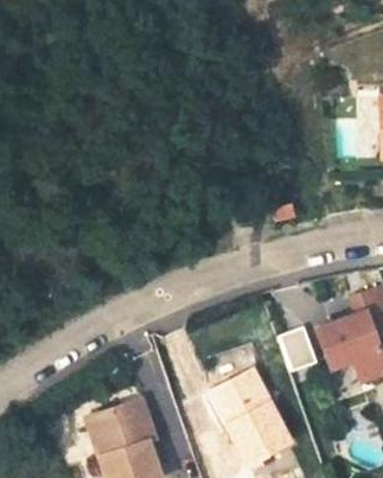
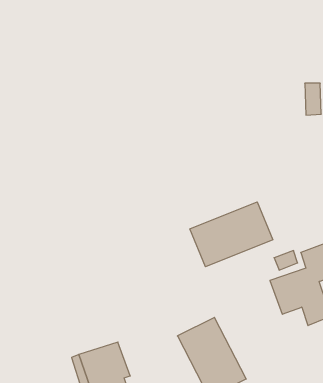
building: none -> [190,202,273,267]
building: [277,325,318,371] -> none

